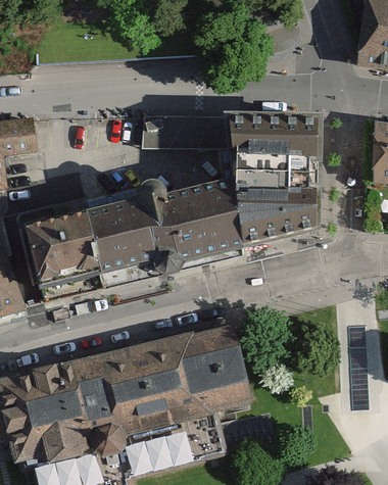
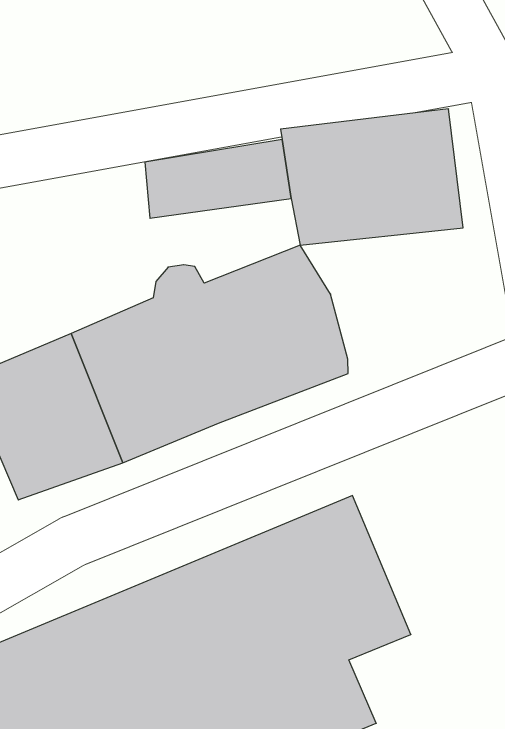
building: [223,176,318,245] -> none

